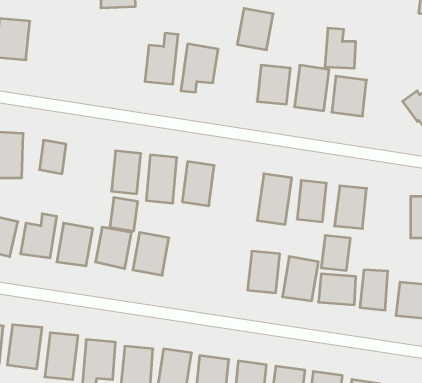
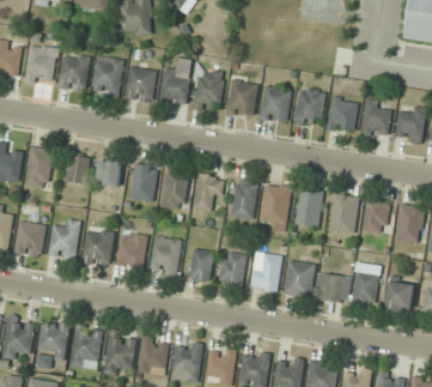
building: [237,8,273,50] -> [225,79,257,116]
building: none -> [59,52,89,91]
building: [325,28,356,68] -> [361,98,389,134]
building: none -> [90,54,124,97]
building: none -> [124,66,154,102]
building: none -> [229,176,258,220]
building: [110,198,138,231] -> [96,156,121,186]
building: [321,236,350,270] -> [361,201,388,232]
building: none -> [187,248,213,282]
building: none -> [218,250,245,286]

